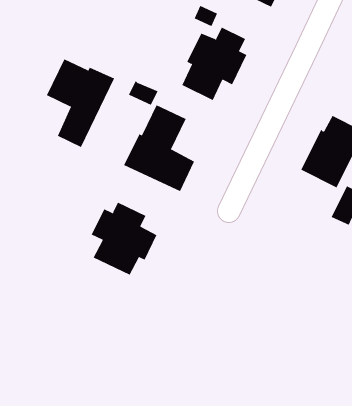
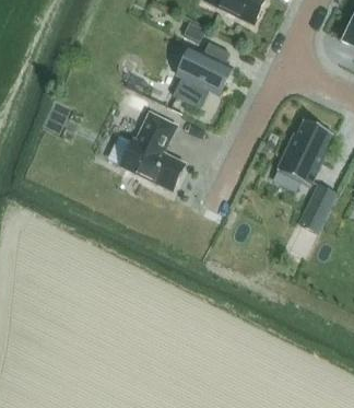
building: [46,58,115,148] -> none
building: [91,202,157,276] -> none

